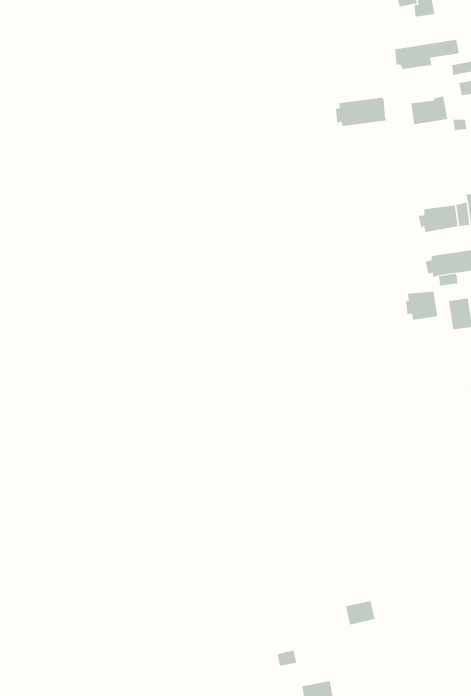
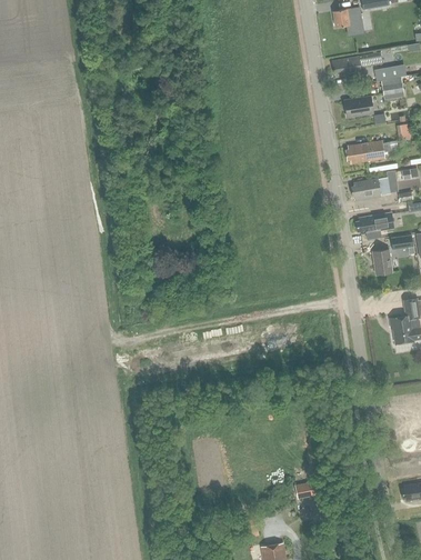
building: [335,97,387,126] -> [344,141,384,163]
building: [406,291,438,321] -> none

